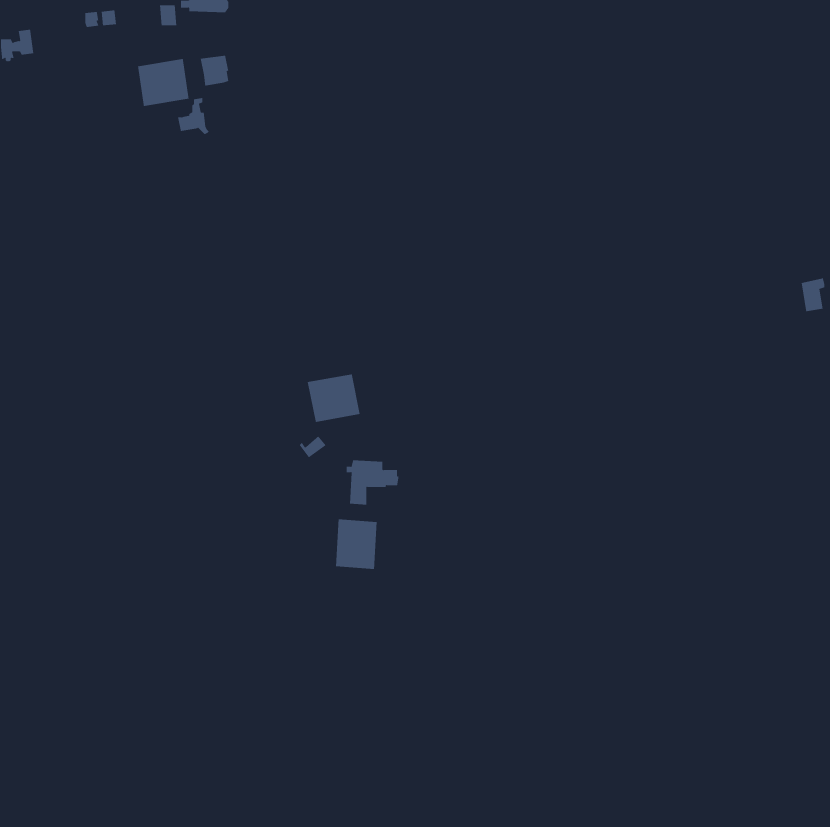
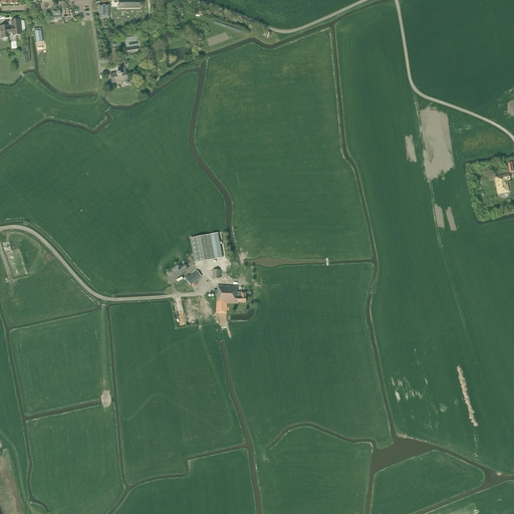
building: [138,58,189,107] -> none
building: [336,518,377,570] -> none

